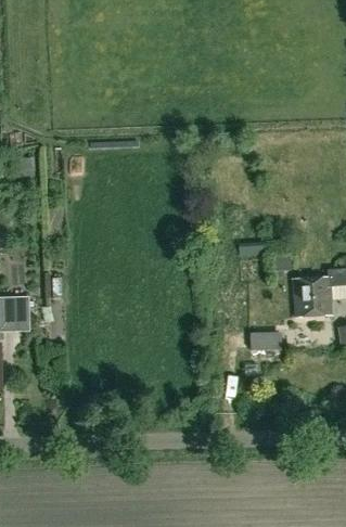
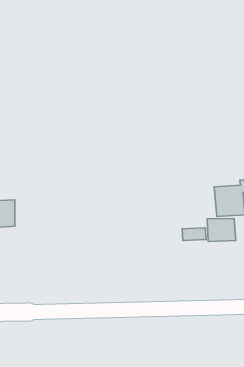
building: none -> [207,219,236,242]

